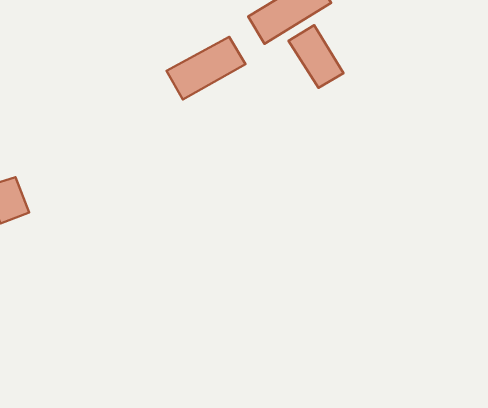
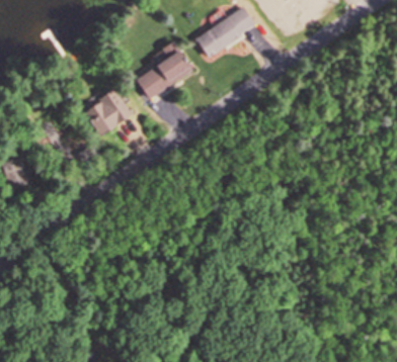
building: [289,25,343,88] -> none
building: none -> [84,88,133,135]

